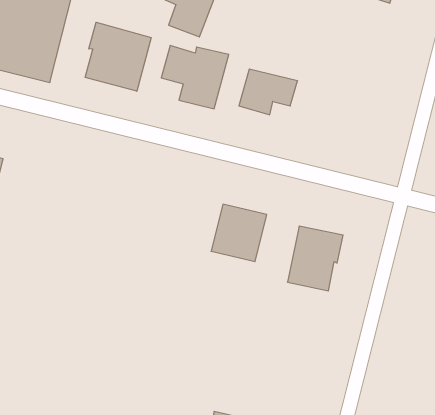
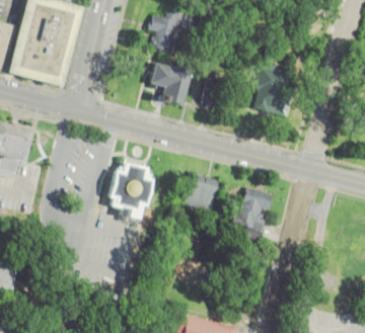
building: [85,22,151,91] -> none
building: none -> [250,63,293,115]
building: none -> [107,164,152,213]

